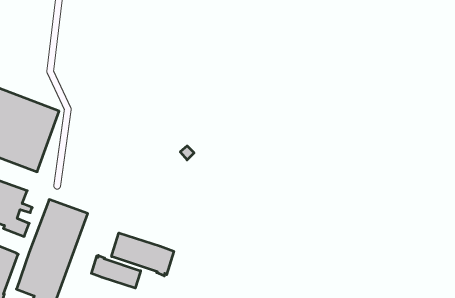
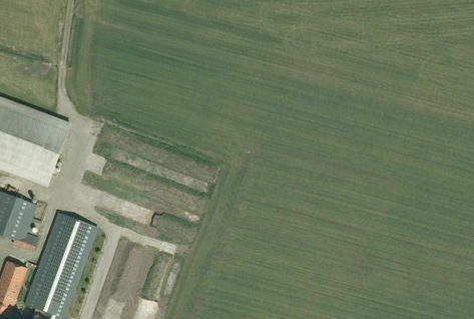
building: [112,233,174,276] -> none
building: [91,255,141,288] -> none

